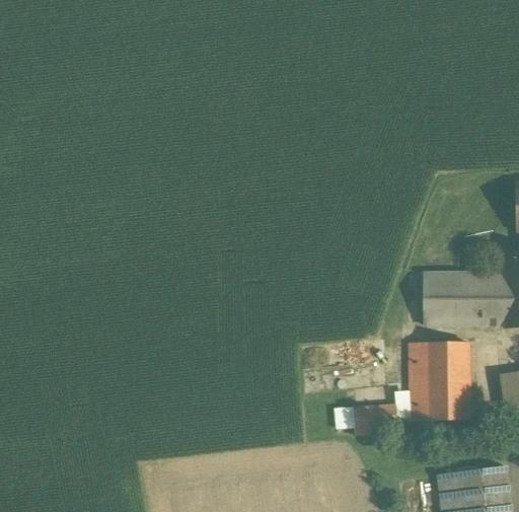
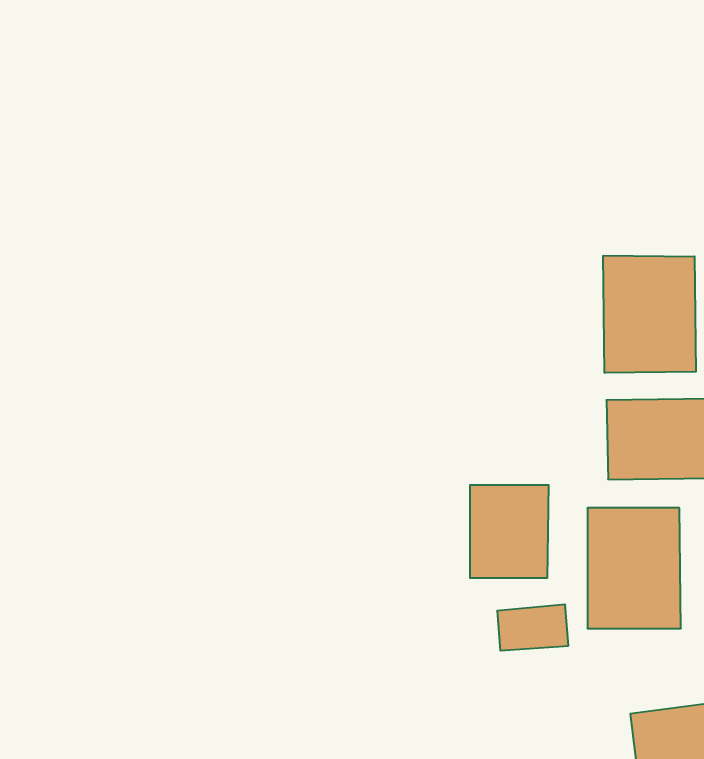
building: none -> [603,256,696,373]
building: none -> [470,485,549,578]

